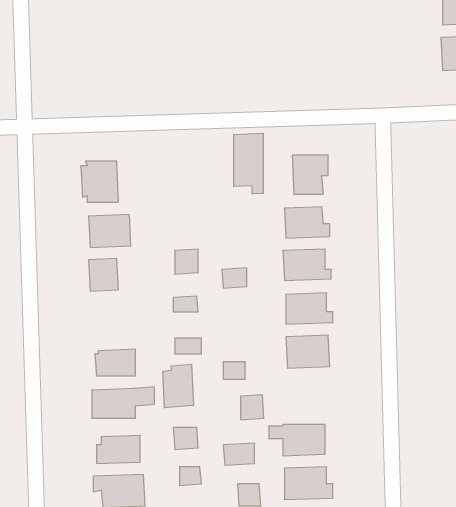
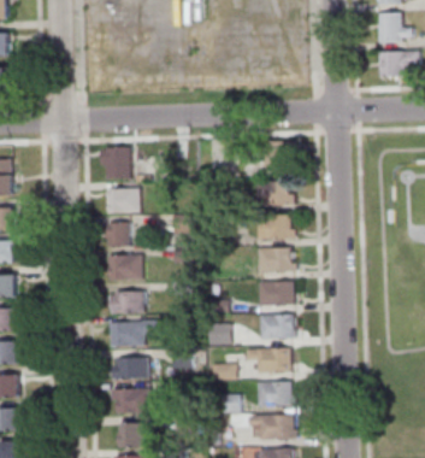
building: [234,133,263,194] -> none
building: none -> [108,256,141,280]
building: [163,364,194,408] -> none
building: none -> [260,316,294,340]

